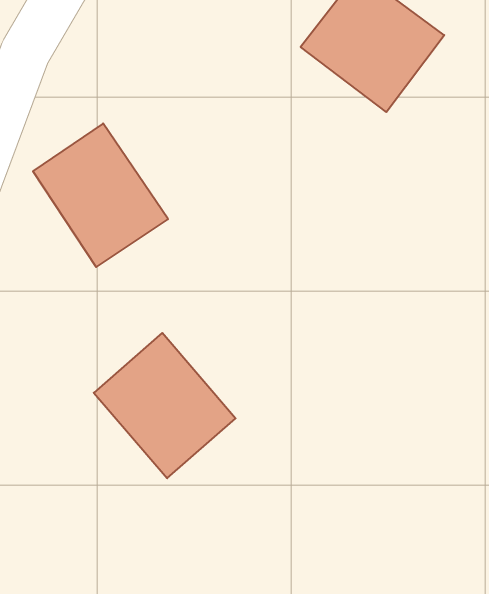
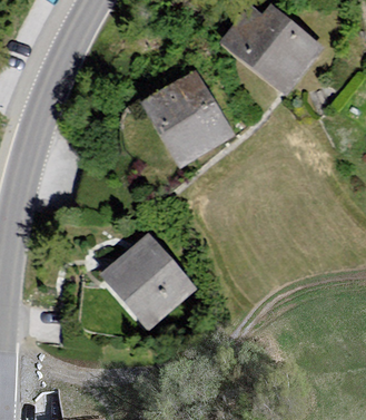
building: [33,123,168,267] -> [141,71,229,165]

